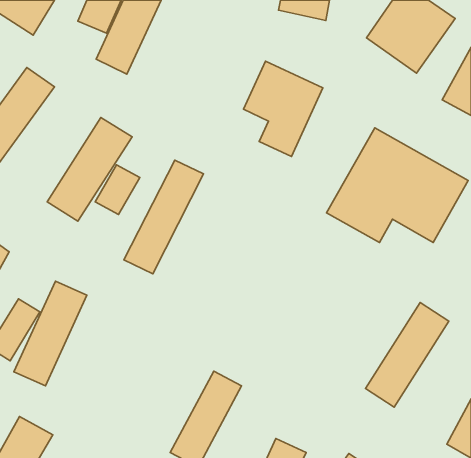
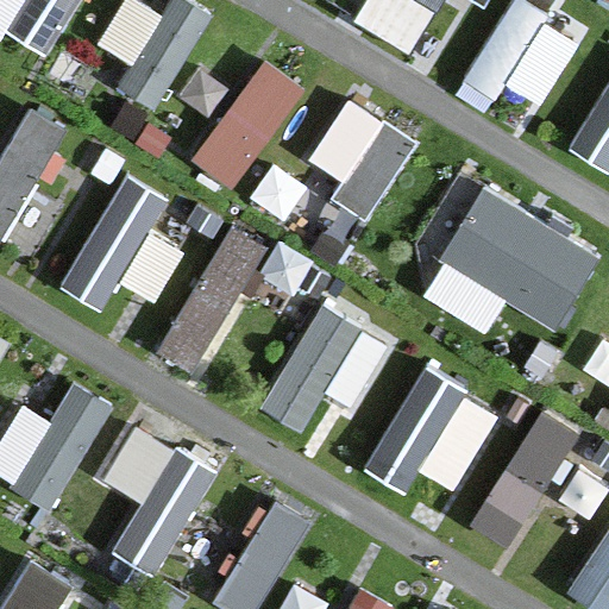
building: none -> [188,56,308,188]
building: none -> [258,303,390,433]
building: none -> [371,364,500,500]
building: none -> [105,423,216,576]

